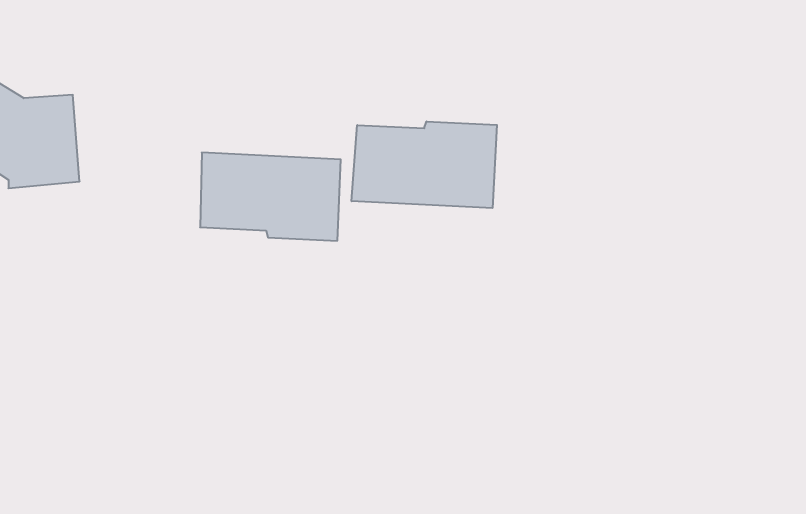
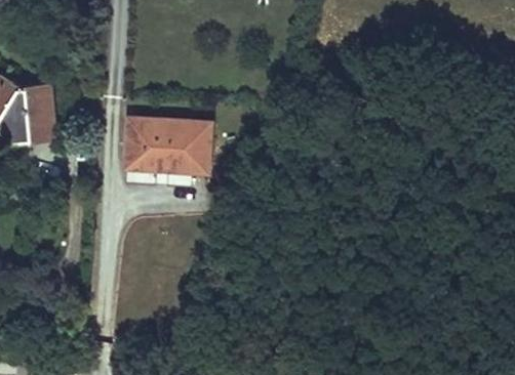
building: [352,121,497,208] -> none

